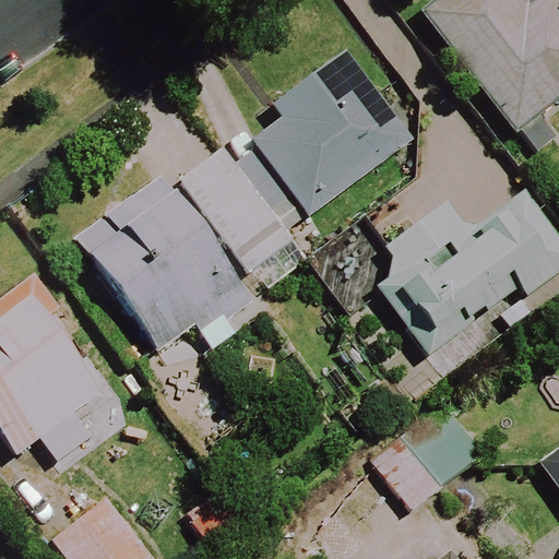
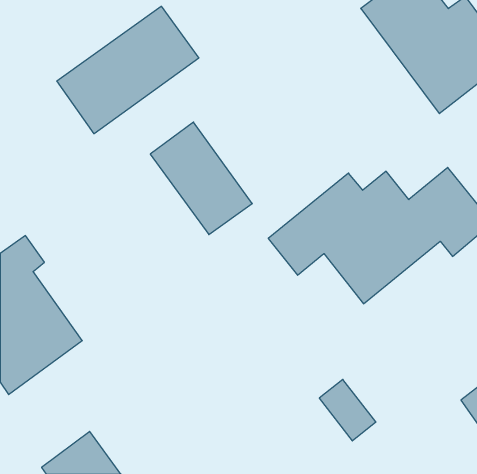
building: none -> [57,6,199,134]
building: [254,51,411,215] -> none
building: [75,175,260,352] -> none

